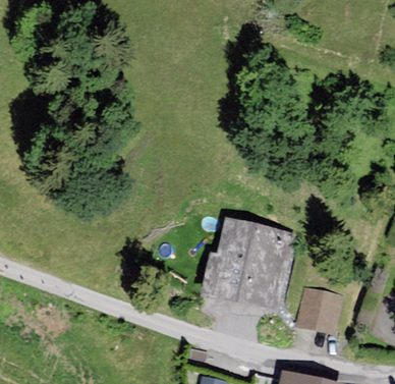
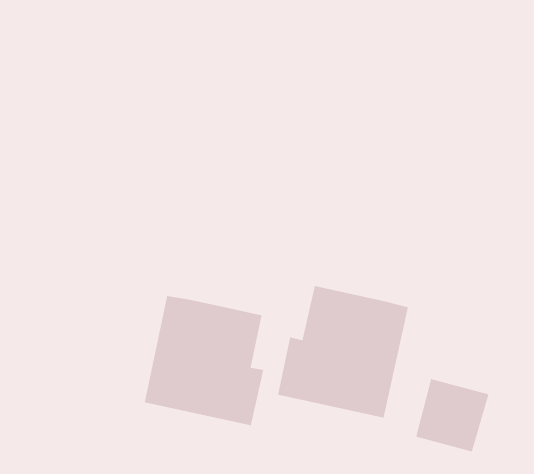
building: none -> [144,295,264,426]

